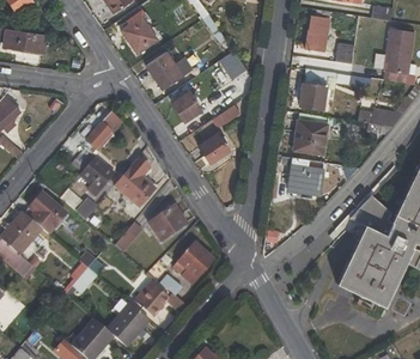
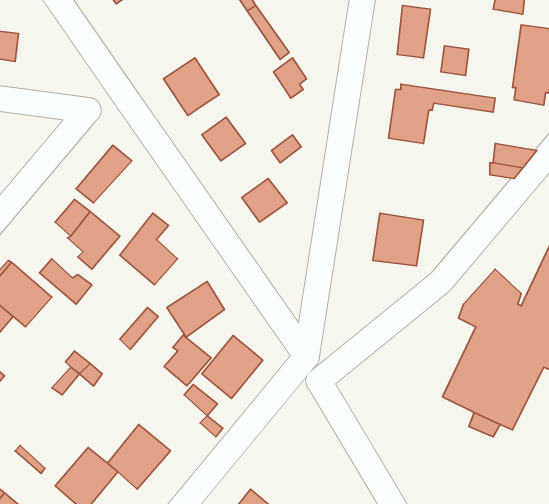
building: [120,16,157,53] -> none
building: [293,111,328,153] -> none
building: [136,281,169,316] -> [164,335,211,386]

